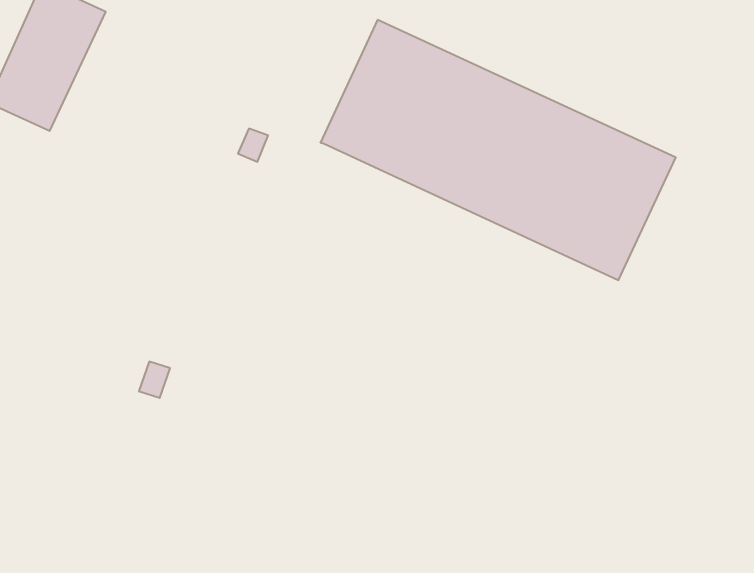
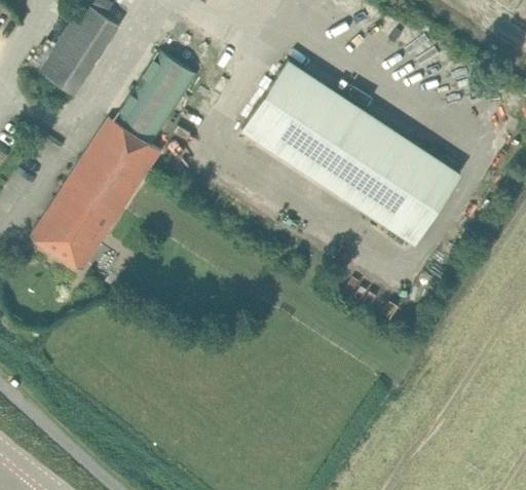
building: none -> [29,53,197,273]

